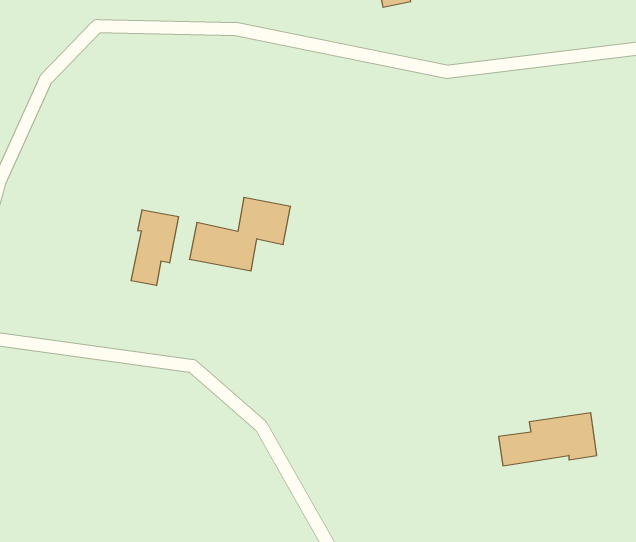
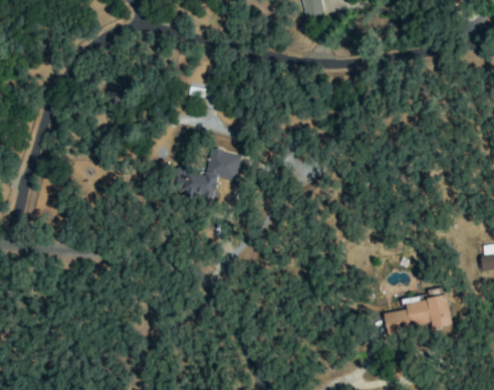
building: [131,210,178,286] -> none

